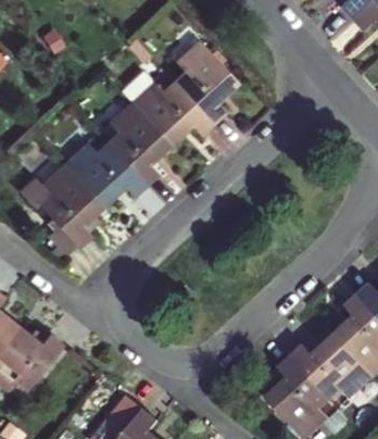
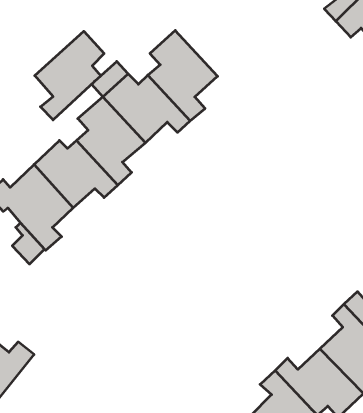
building: none -> [35,31,104,120]

